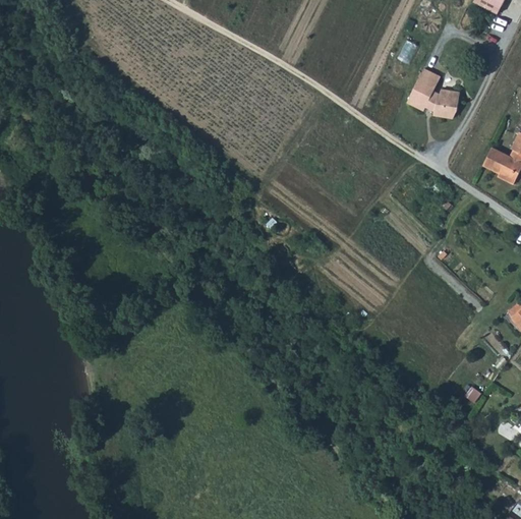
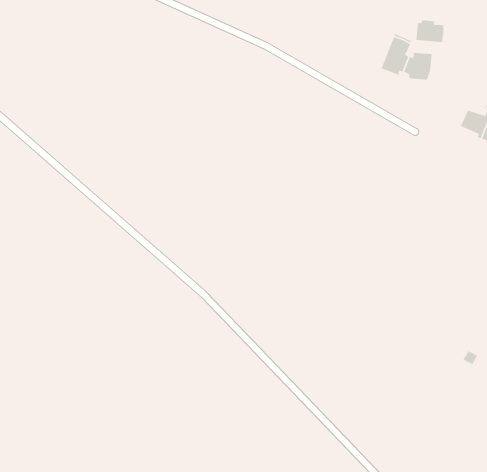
building: none -> [416,19,444,43]

